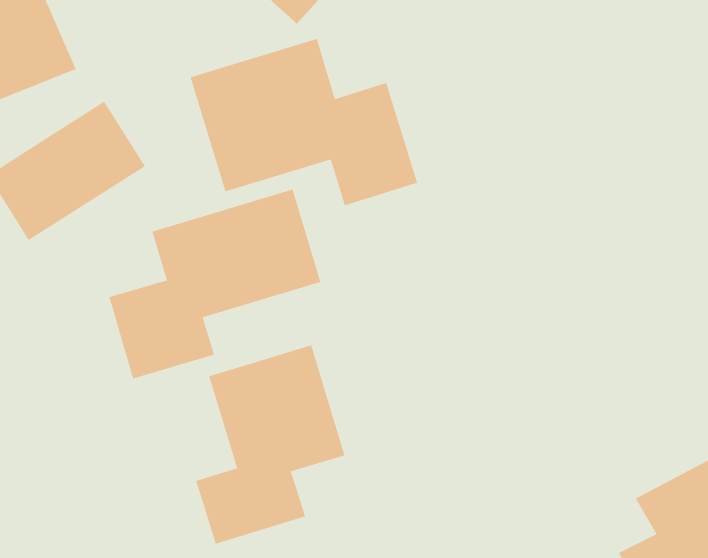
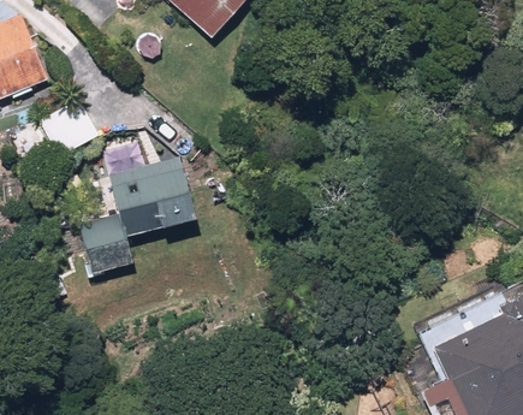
building: [190,38,418,206] -> none
building: [195,345,345,544] -> none

